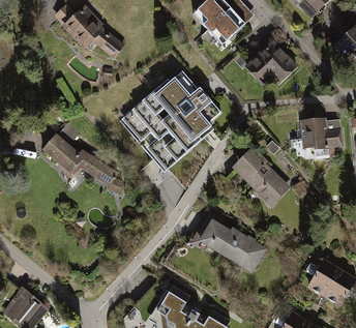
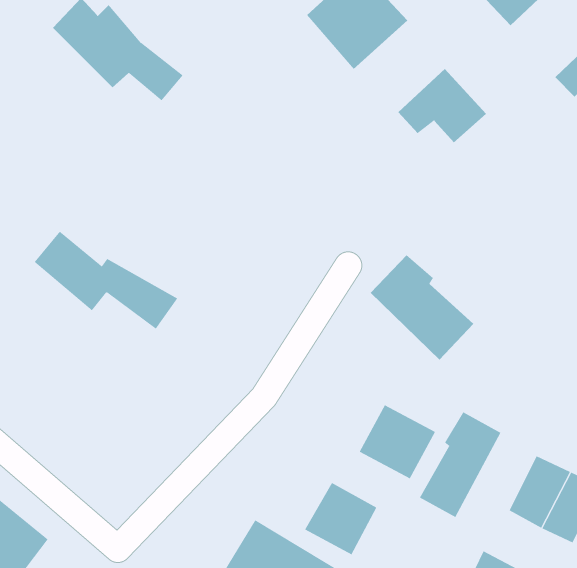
building: [121,73,226,172] -> none
building: [298,116,339,147] -> none
building: [198,216,239,258] -> [304,482,377,555]
building: none -> [419,411,501,518]

